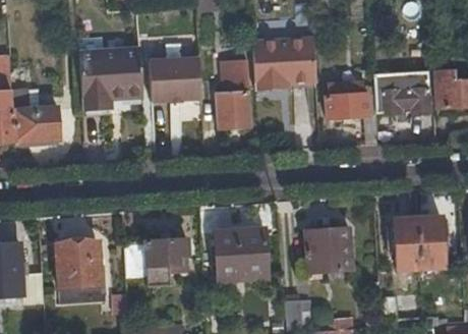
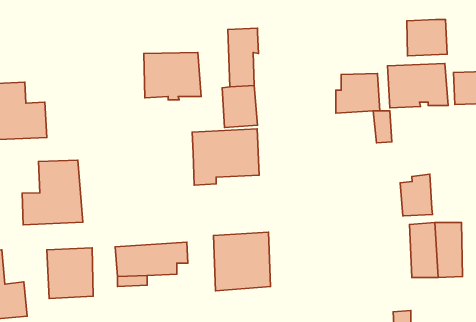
building: none -> [407,19,447,56]
building: [254,40,316,92] -> [192,129,259,185]
building: [80,51,144,109] -> none
building: none -> [22,160,83,225]
building: none -> [400,174,432,216]
building: [304,229,352,274] -> none

